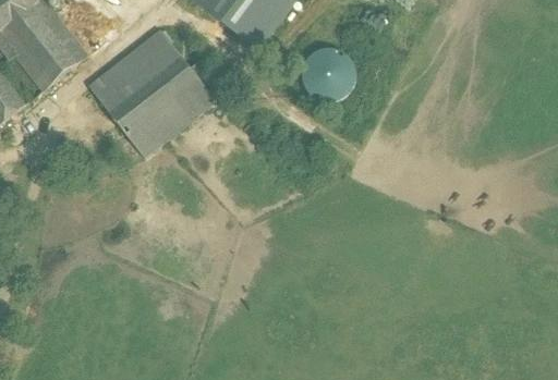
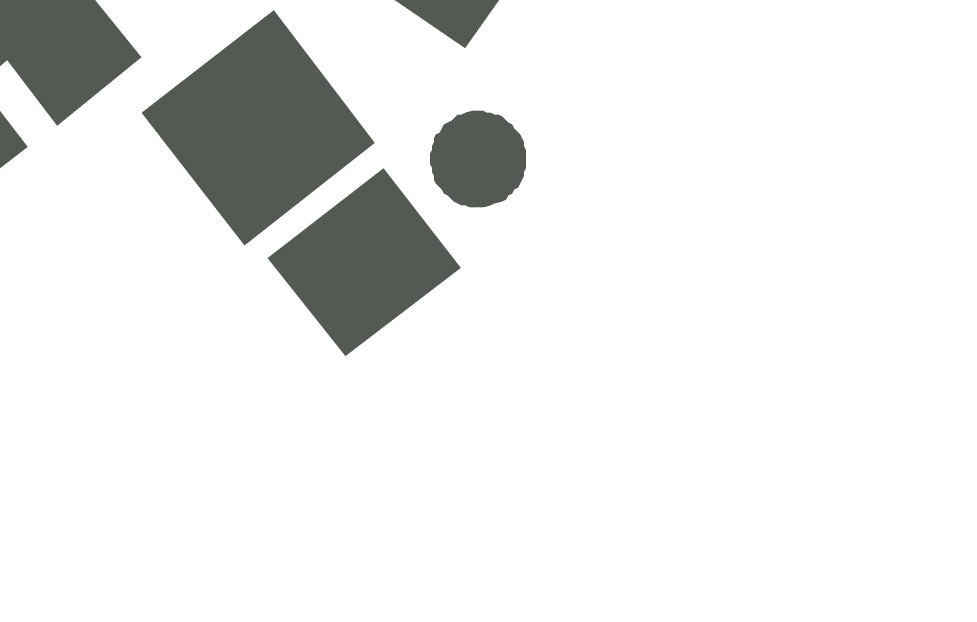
building: [300,47,353,100] -> [429,110,527,208]
building: none -> [267,167,462,357]

